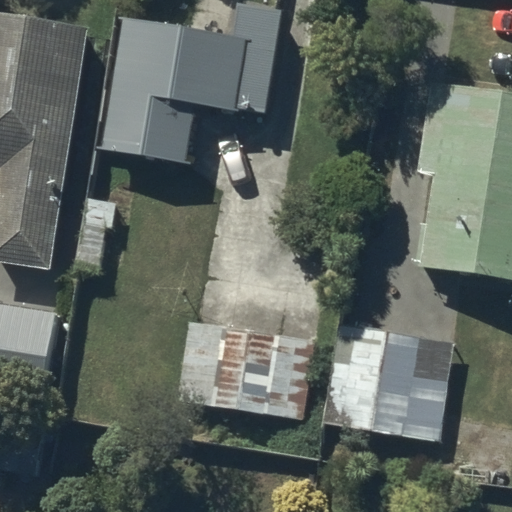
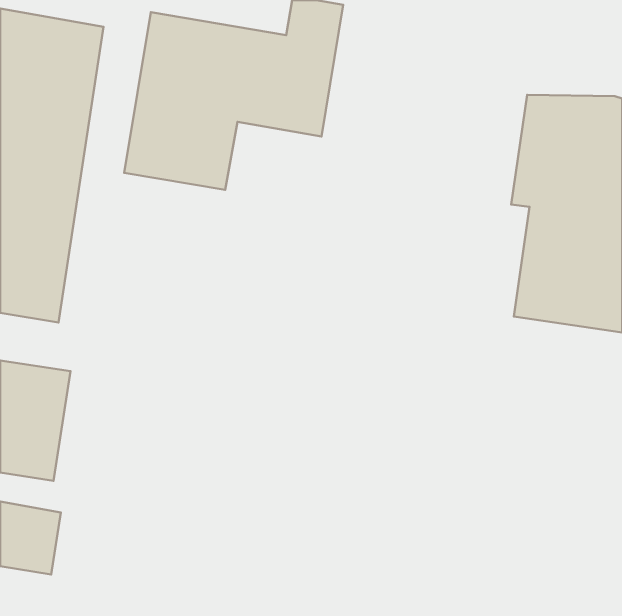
building: [182,323,279,400] -> none
building: [325,326,454,444] -> none

